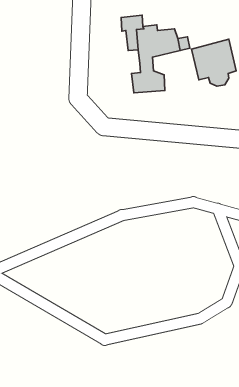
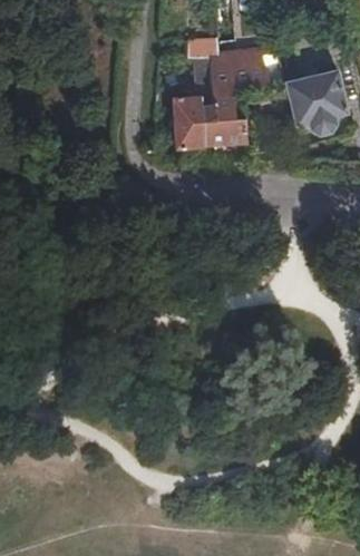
building: none -> [173,95,215,148]

